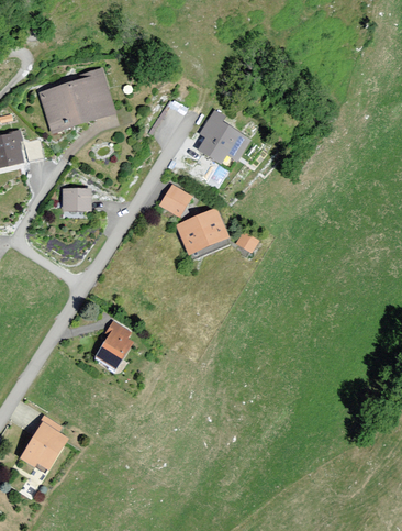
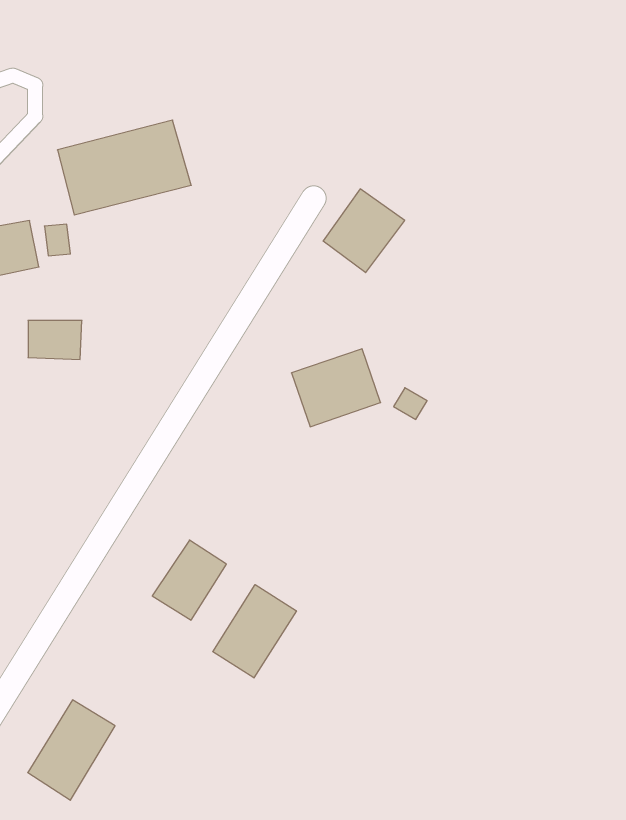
building: [156,184,191,219] -> none
building: [59,189,91,212] -> [28,320,82,359]
building: none -> [213,585,296,678]

